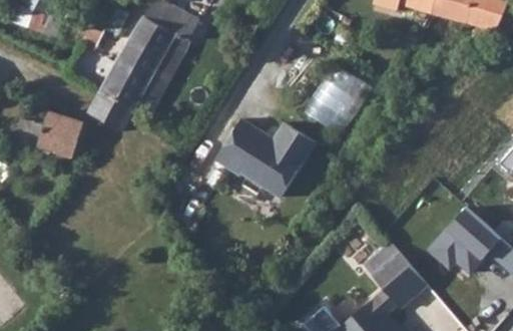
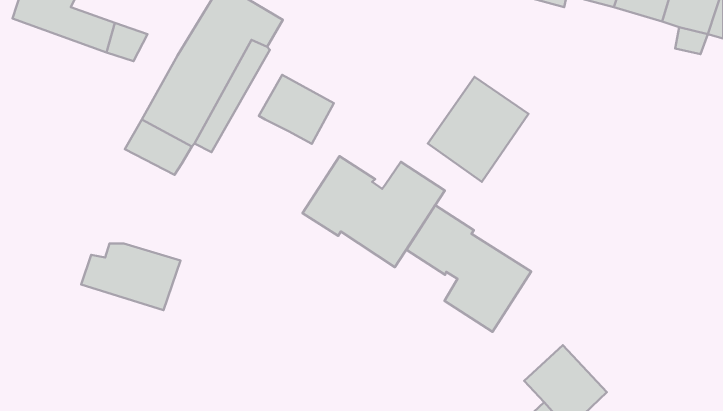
building: none -> [259,75,334,144]
building: [14,109,84,156] -> [81,243,181,310]
building: none -> [407,205,531,332]
building: [425,208,504,276] -> none

